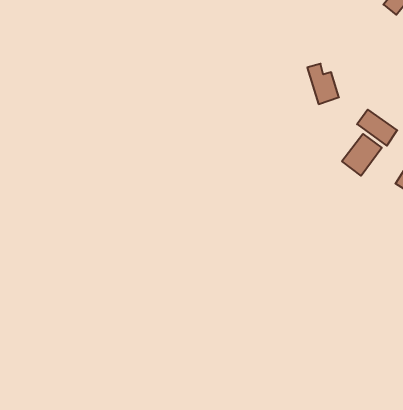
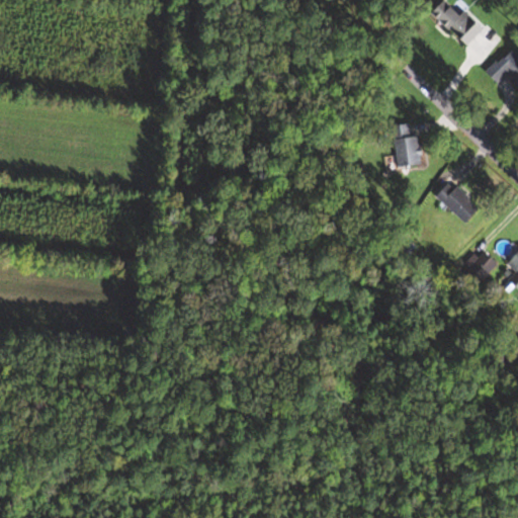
building: [342,134,382,176] -> none

